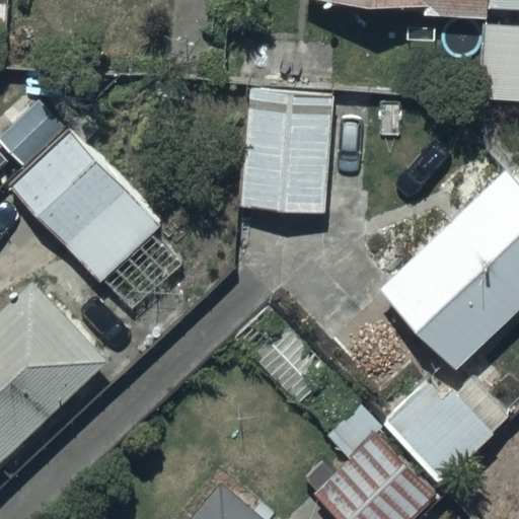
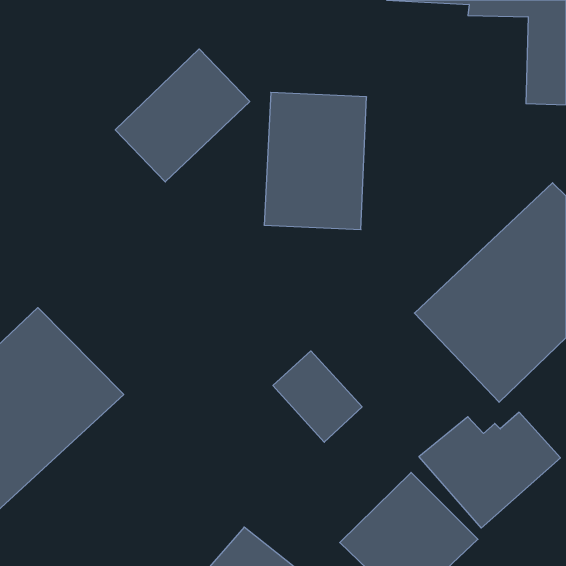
building: none -> [115,49,250,182]
building: [9,130,160,282] -> none

